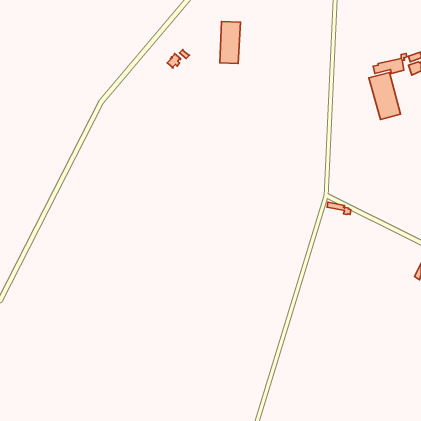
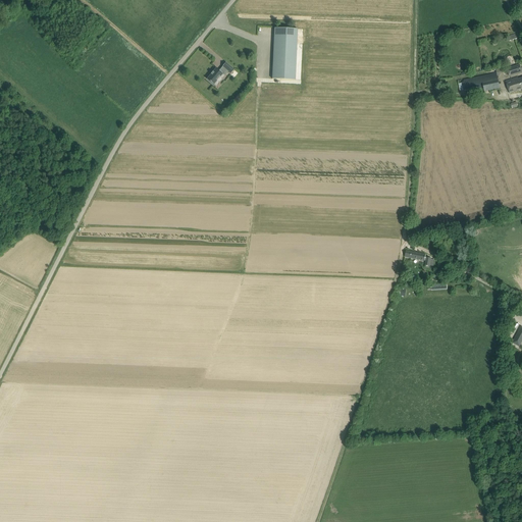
building: [369,72,400,120] -> none

